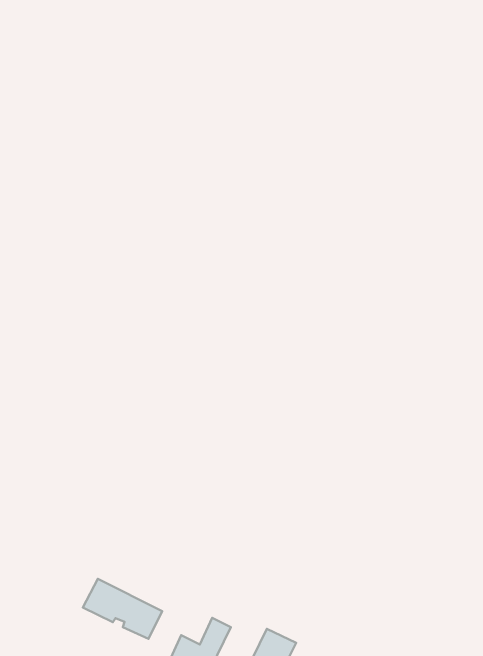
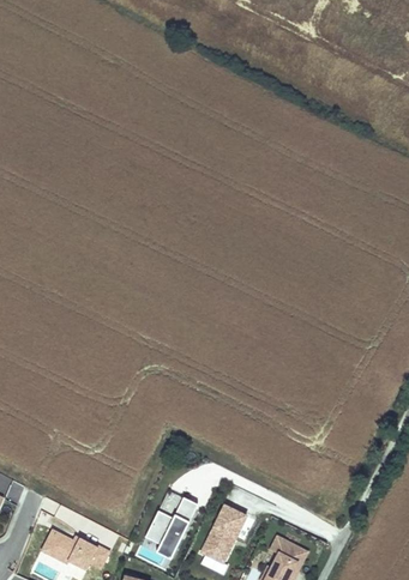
building: [83,579,162,639] -> none

